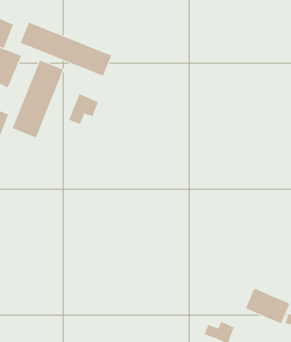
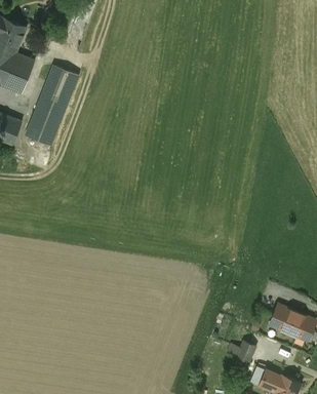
building: [20,22,112,77] -> none
building: [68,93,98,125] -> none

